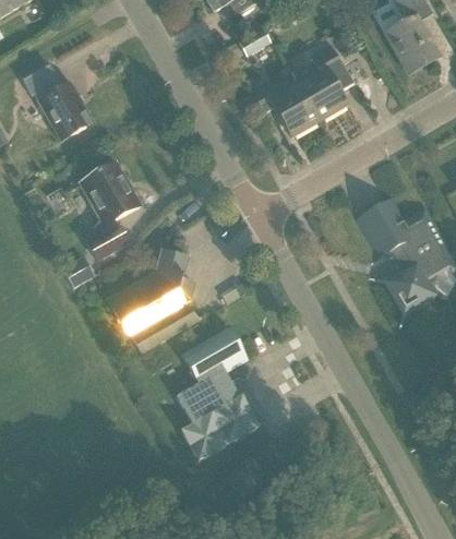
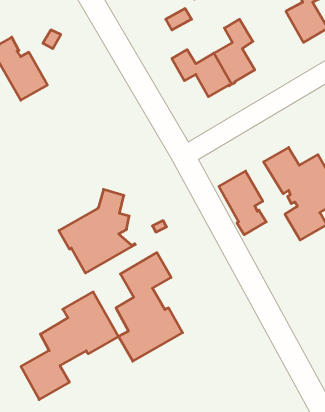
building: [79,161,140,260] -> none
building: none -> [219,171,266,235]
building: none -> [21,292,119,400]

